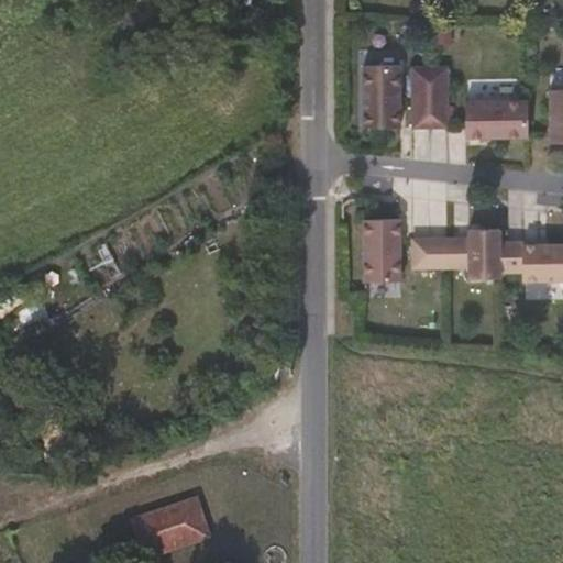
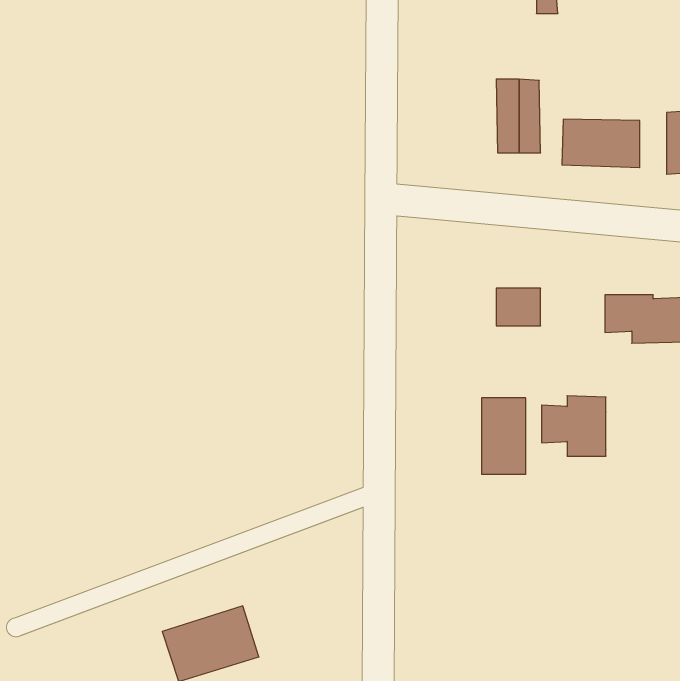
building: [363,63,399,126] -> none
building: [363,217,399,279] -> [482,398,526,474]
building: [448,229,500,278] -> [542,396,606,456]

